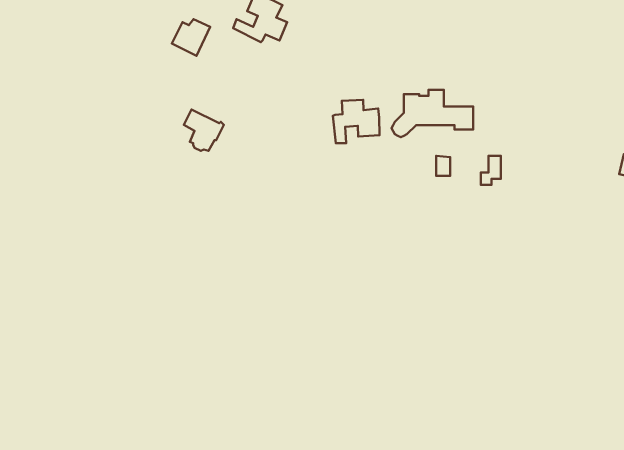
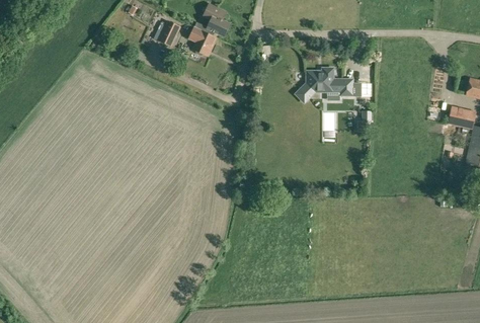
building: [333,100,379,143] -> none
building: [184,109,224,151] -> [189,26,216,54]

